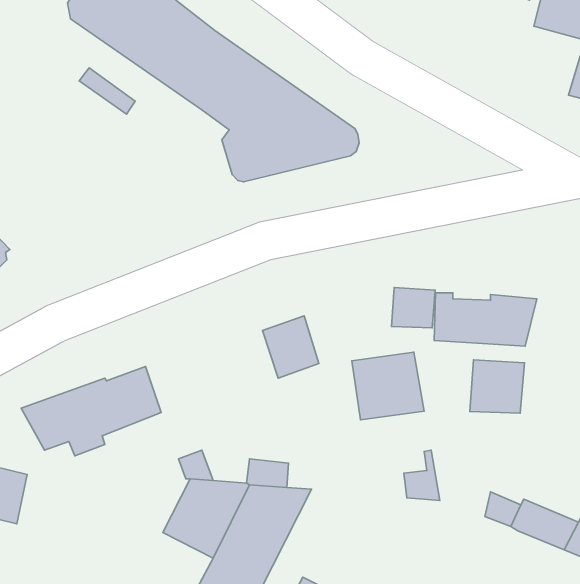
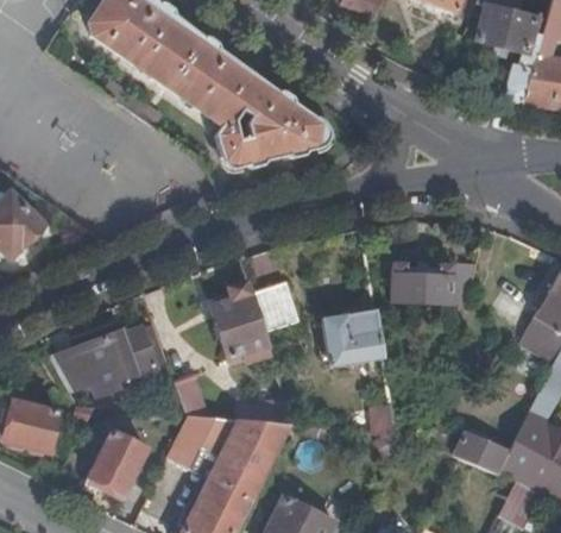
building: [391,288,435,328] -> none
building: none -> [210,282,267,357]
building: [470,360,524,413] -> none
building: none -> [89,431,146,491]

